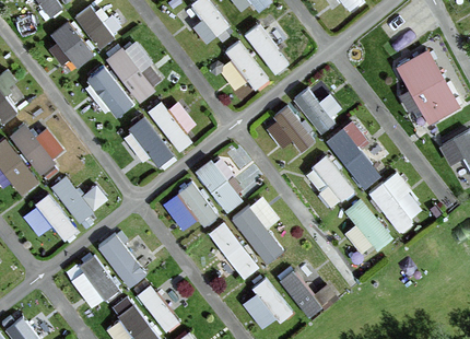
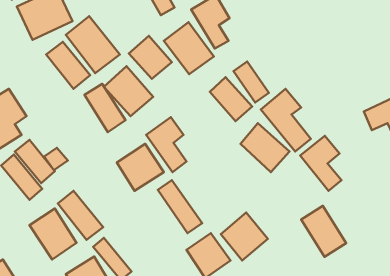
building: [393,48,460,126] -> none
building: none -> [129,36,172,79]
building: [232,196,284,264] -> none
building: [339,198,389,255] -> [301,206,346,257]

